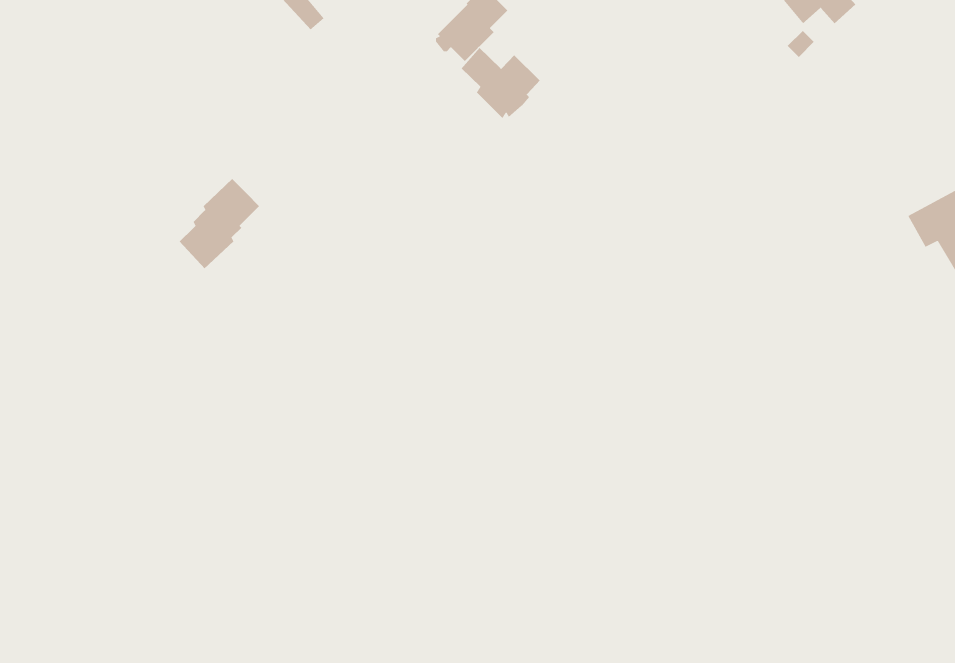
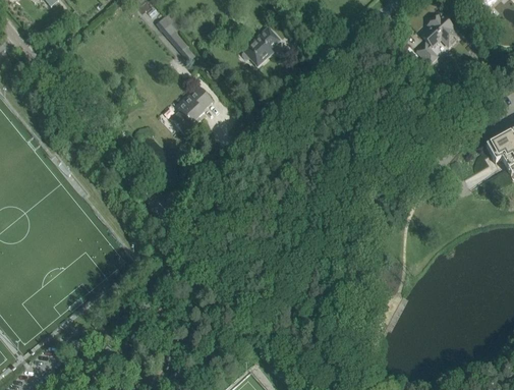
building: [461,47,541,119] -> none
building: [179,178,260,269] -> [171,86,213,132]

